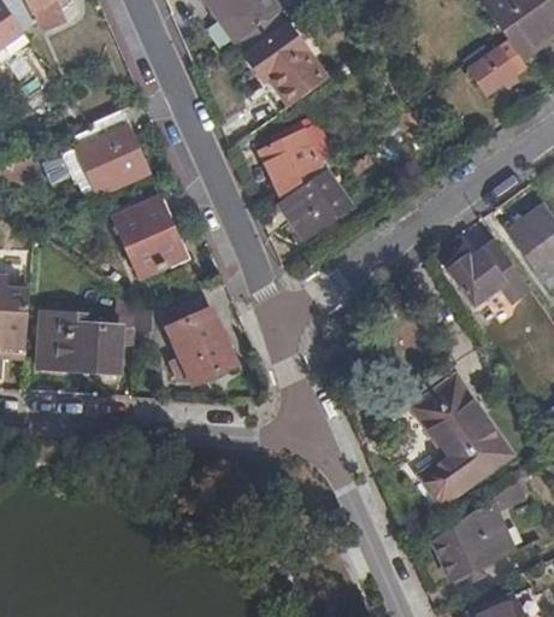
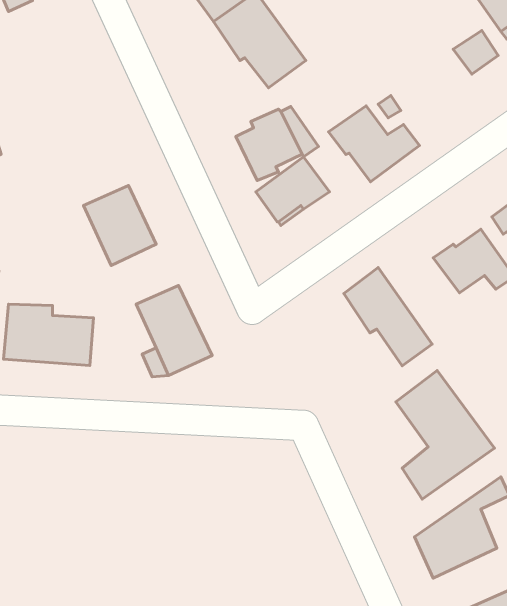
building: [65,112,147,195] -> none
building: none -> [329,106,420,182]
building: none -> [344,268,432,366]

